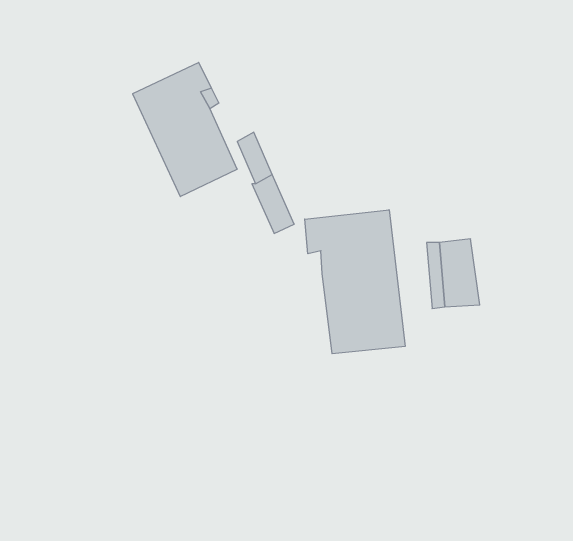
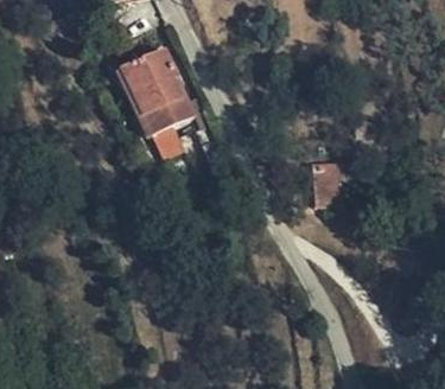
building: [305,210,405,354] -> none

